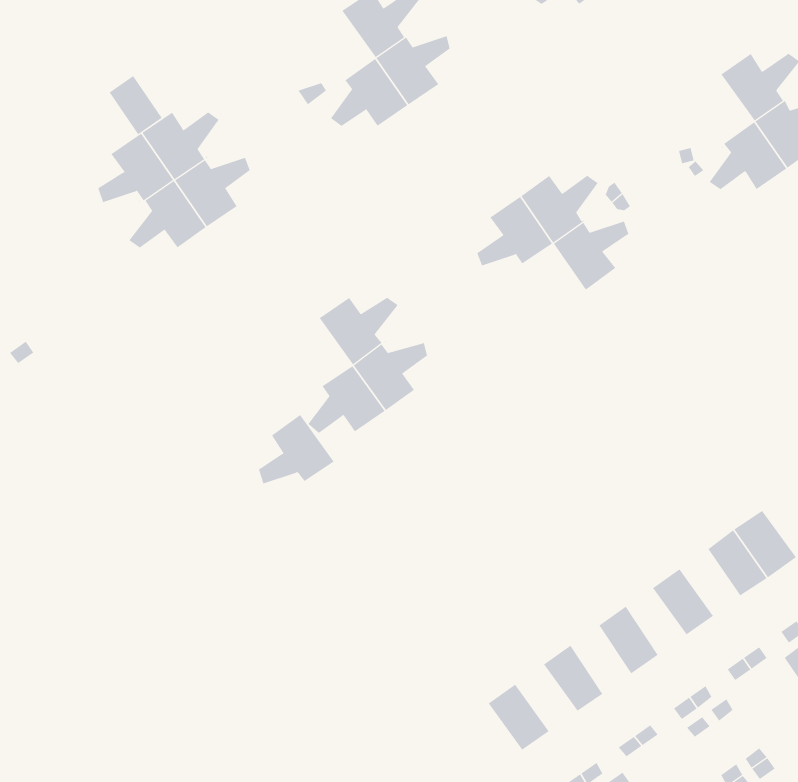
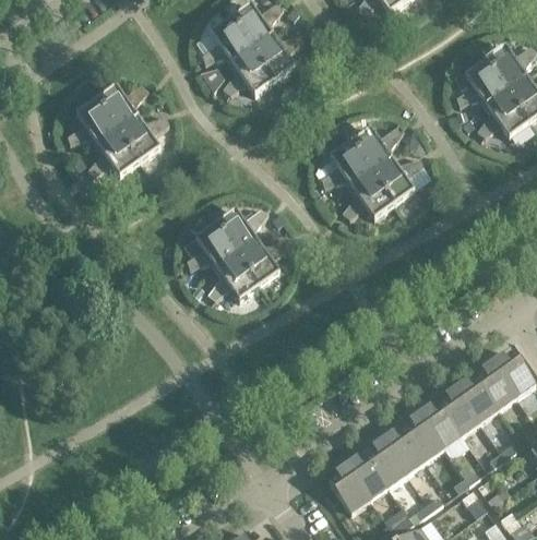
building: none -> [202,16,253,64]
building: none -> [456,59,508,107]
building: [109,75,162,135] -> none
building: none -> [342,172,394,218]
building: [258,414,335,484] -> [187,223,238,269]
building: none -> [457,377,498,422]
building: none -> [421,404,462,448]
building: none -> [384,429,425,475]
building: none -> [347,455,389,500]

